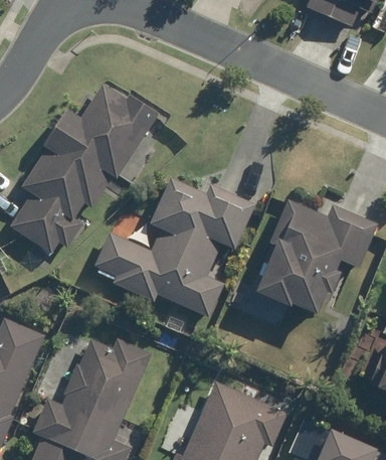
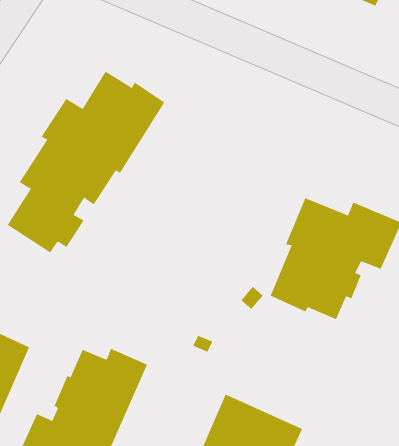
building: [98,178,256,318] -> none

